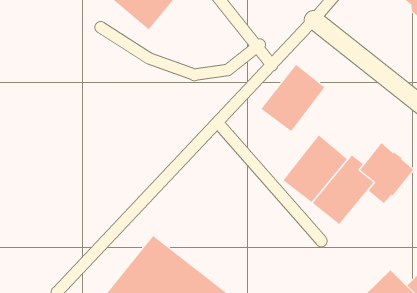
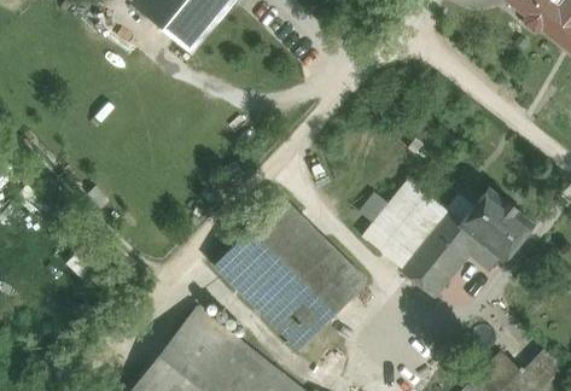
building: [260,64,325,132] -> none
building: none -> [212,197,367,350]

